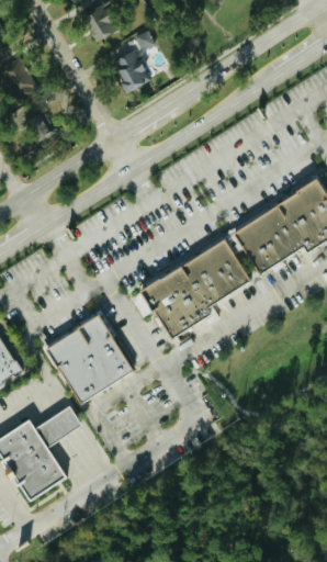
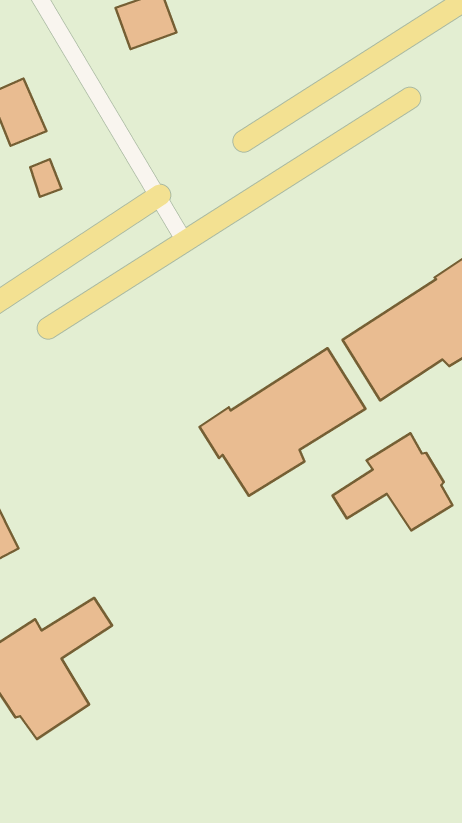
building: [113,29,157,90] -> none
building: none -> [333,433,453,531]
building: [45,313,134,403] -> none

